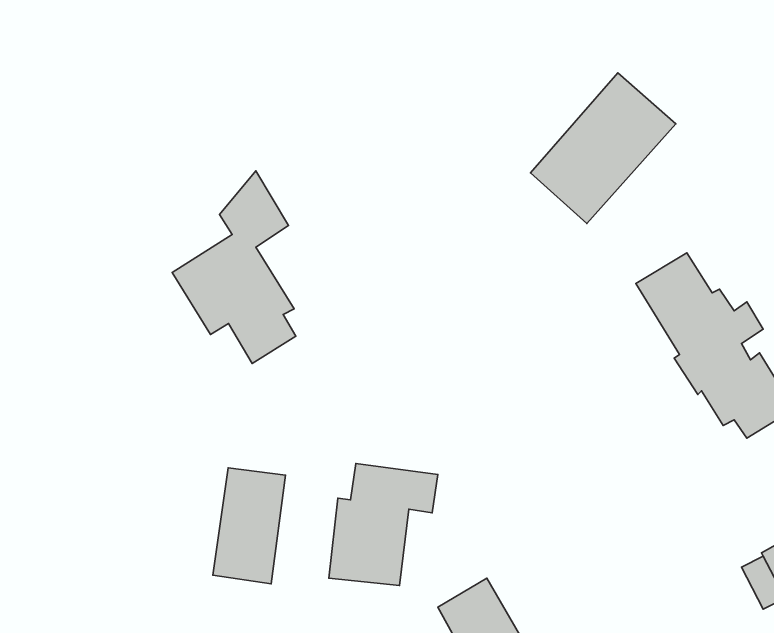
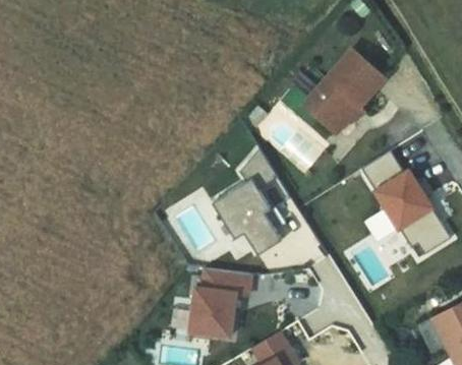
building: [172,171,296,363] -> [213,146,282,254]
building: [213,468,286,584] -> none

